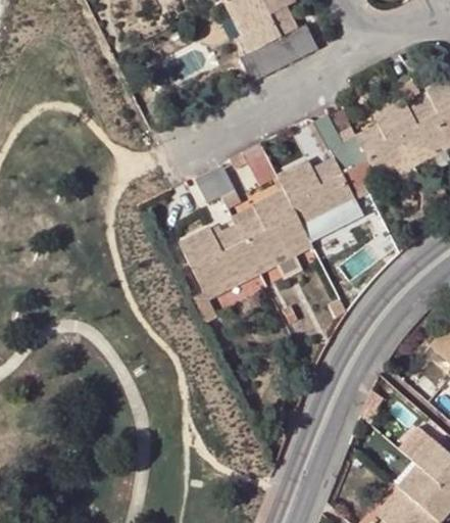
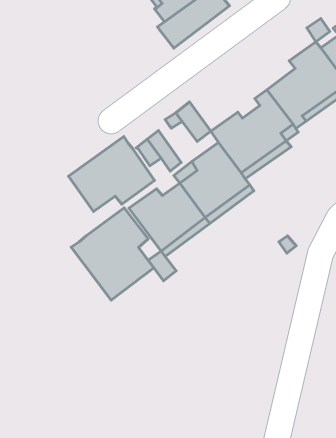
building: none -> [68,136,155,212]
building: none -> [71,208,154,300]

